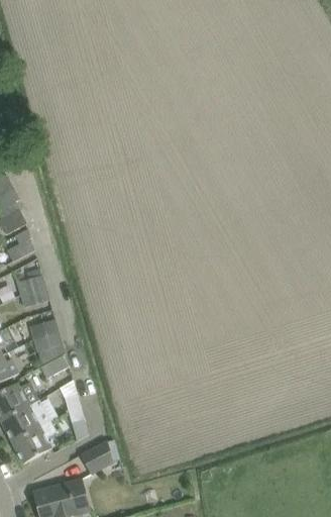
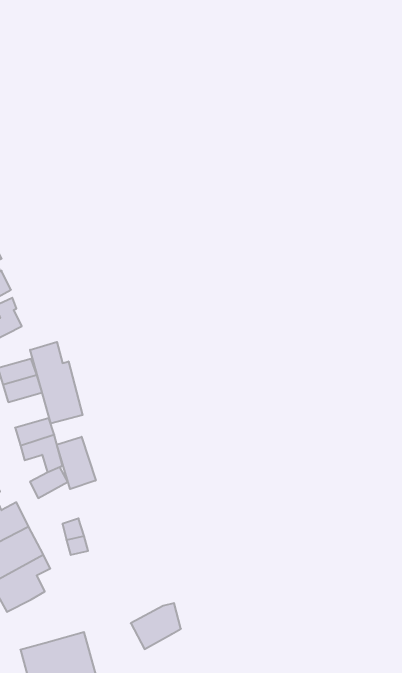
building: none -> [30,342,83,424]
building: none -> [57,437,96,489]
building: [81,438,118,473] -> [131,603,181,649]

